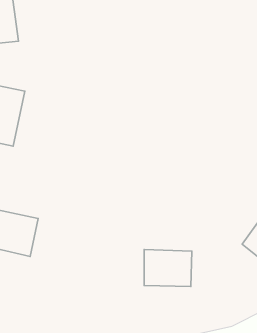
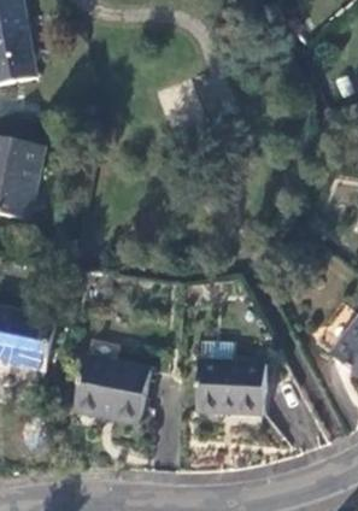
building: none -> [76,356,148,421]

